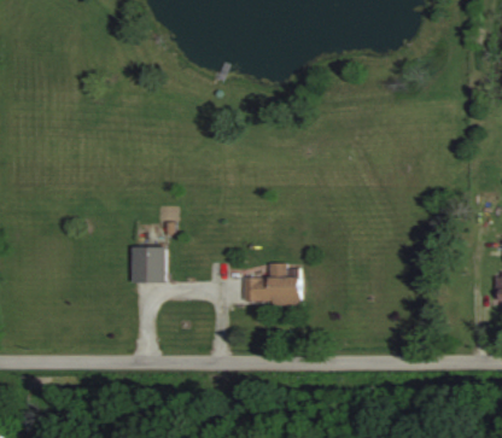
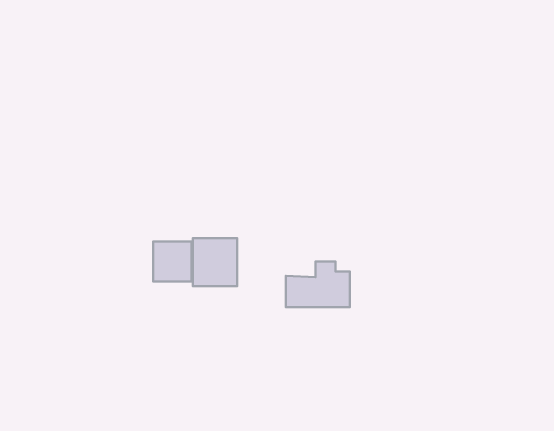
building: none -> [193,238,237,286]

